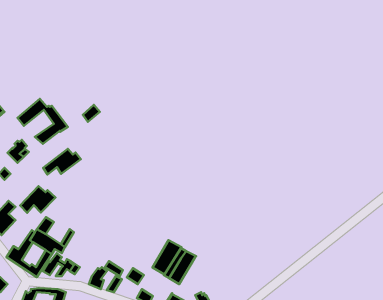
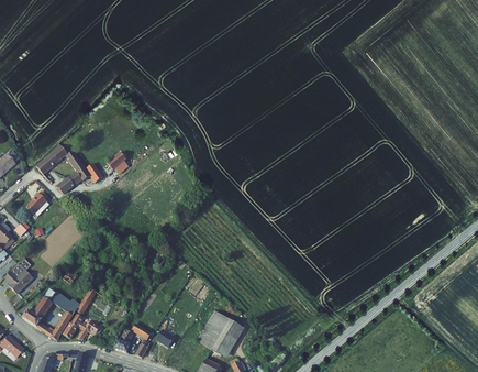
building: [43,149,81,175] -> none
building: [20,186,56,213] -> none
building: [152,240,182,274] -> [212,319,244,357]

